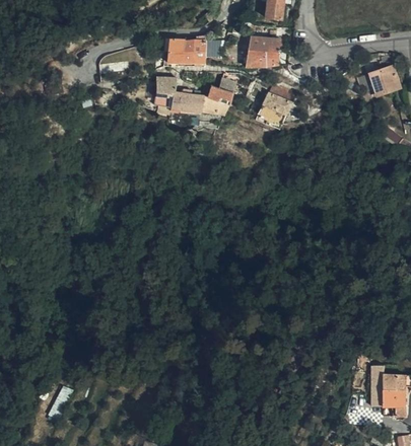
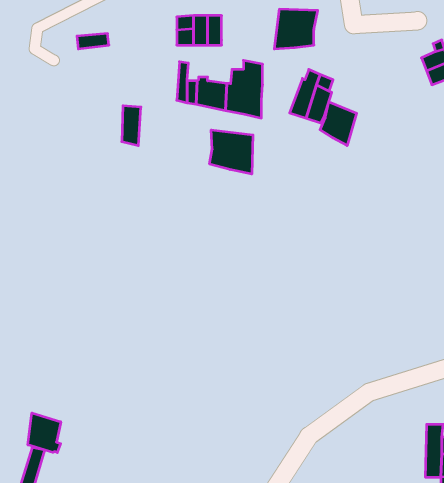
building: [157,77,173,108] -> [122,106,141,146]
building: none -> [320,102,357,146]
building: none -> [210,130,253,174]
building: none -> [28,413,61,453]

